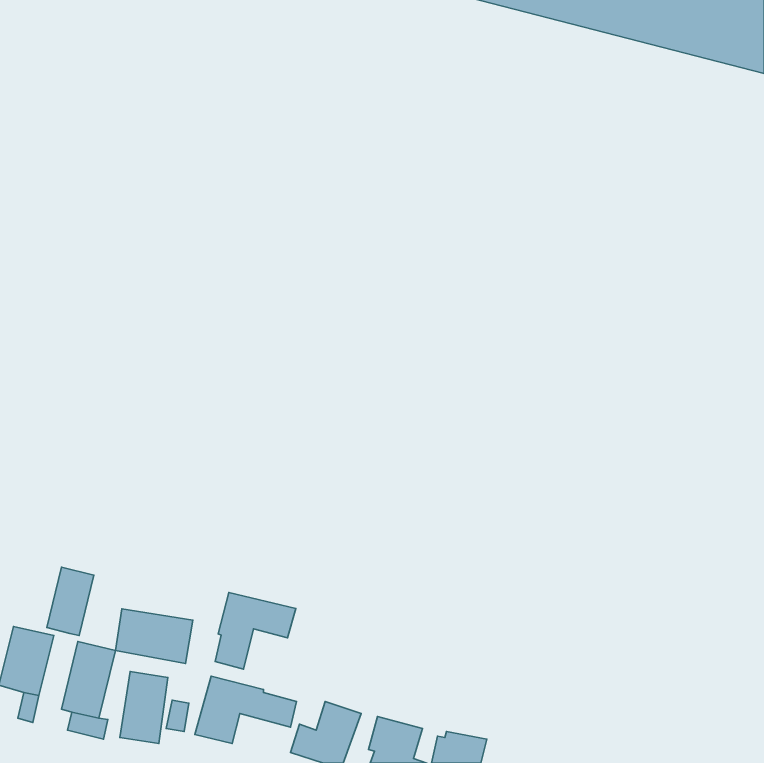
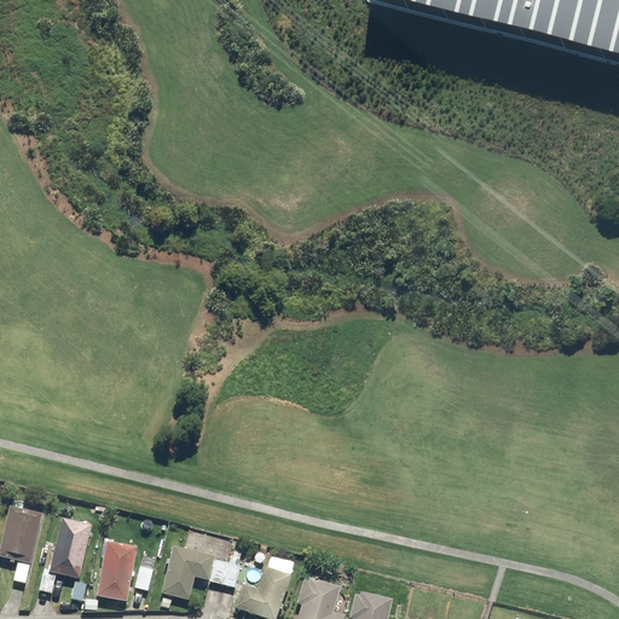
building: [47,567,94,635] -> none
building: [215,592,296,669] -> none
building: [115,609,193,663] -> none

